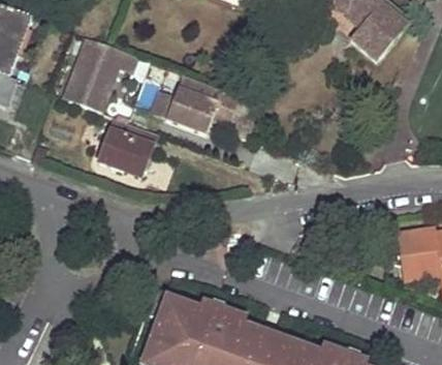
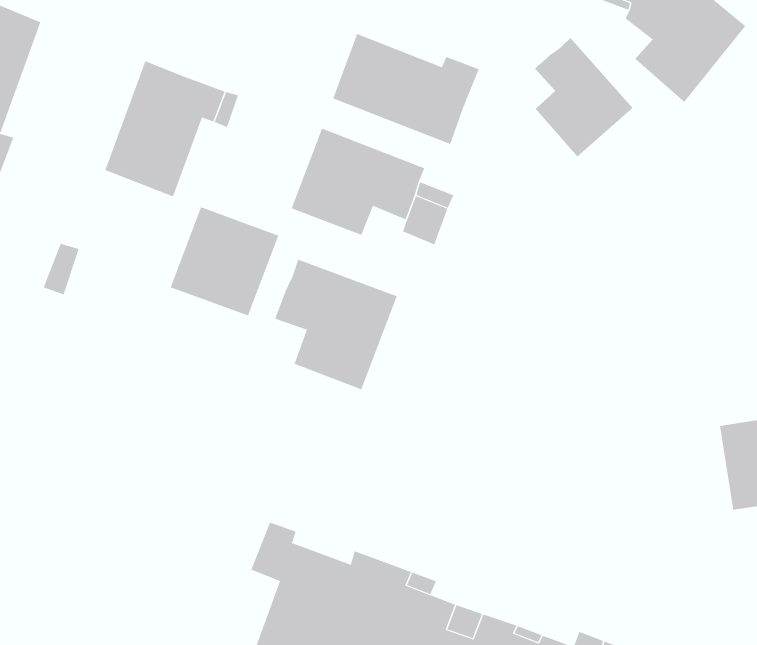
building: none -> [333,33,479,145]
building: none -> [534,37,634,158]
building: none -> [274,259,397,390]

